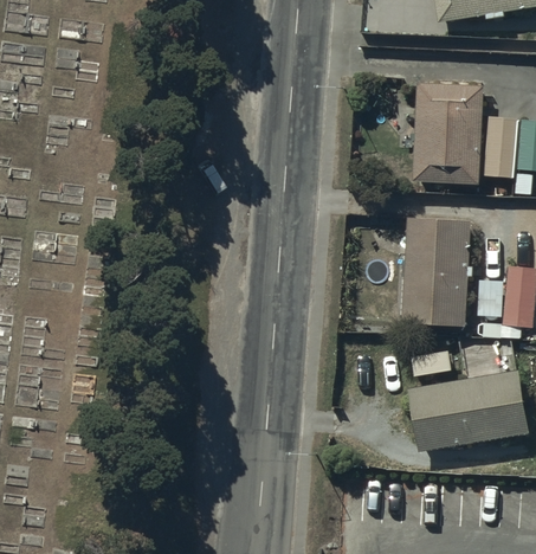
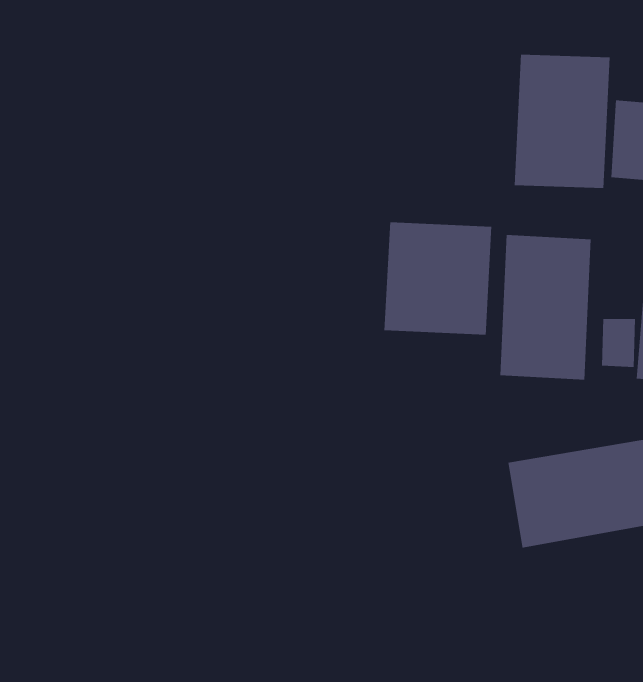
building: none -> [384,222,492,335]

